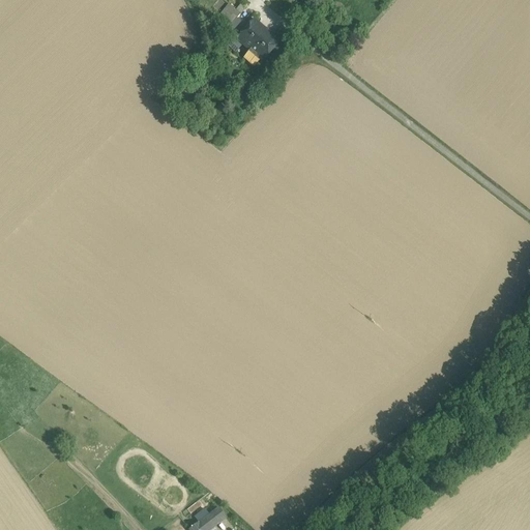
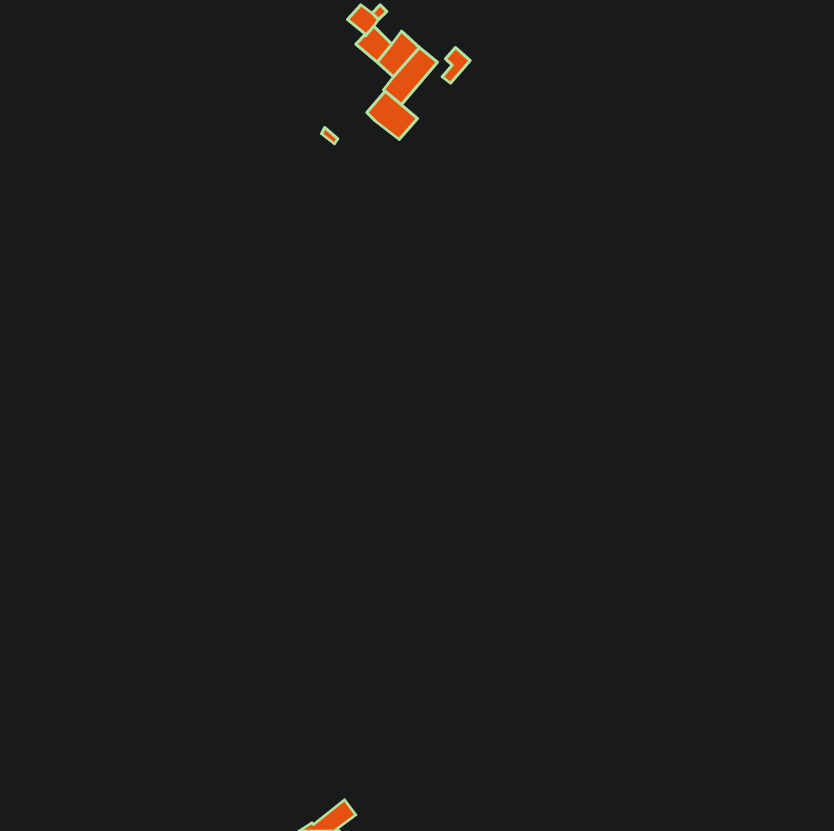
building: none -> [367,91,417,140]

